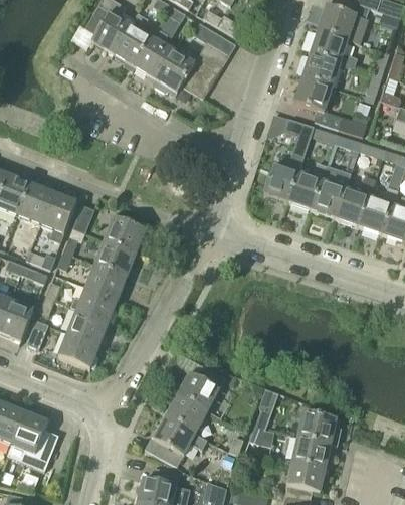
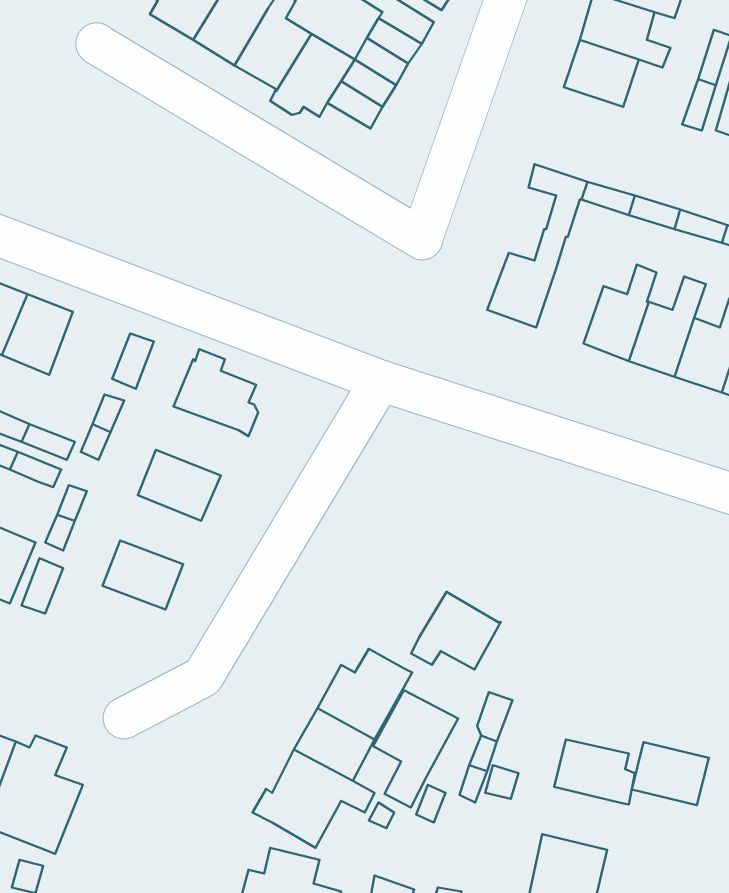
building: [294,78,365,137] -> none
building: [288,162,327,209] -> none
building: [40,193,75,242] -> none
building: [94,241,137,277] -> none
building: [70,287,118,322] -> none
building: [57,333,99,370] -> none
building: none -> [411,592,501,670]
building: none -> [373,690,458,807]
building: [291,436,331,468] -> [632,742,709,805]

